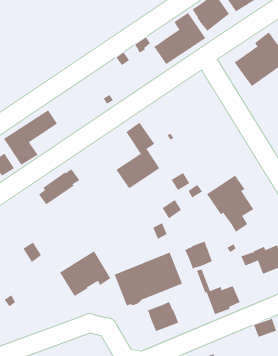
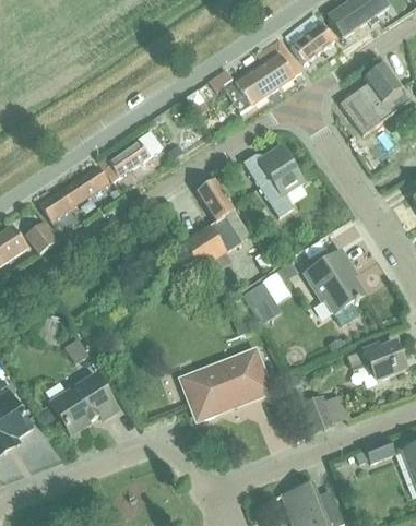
building: none -> [243,146,306,218]
building: [38,168,80,205] -> [104,133,158,181]
building: [185,241,212,270] -> none
building: [59,251,111,297] -> [50,375,118,435]
building: [147,301,179,332] -> none

